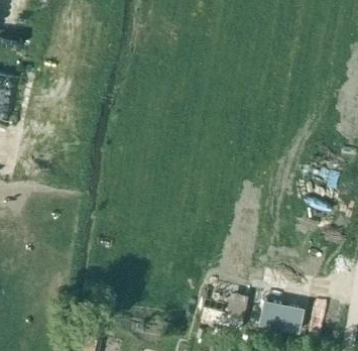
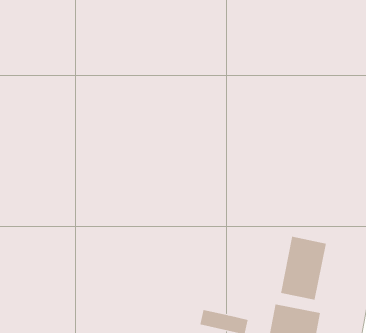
building: none -> [280,236,326,301]

